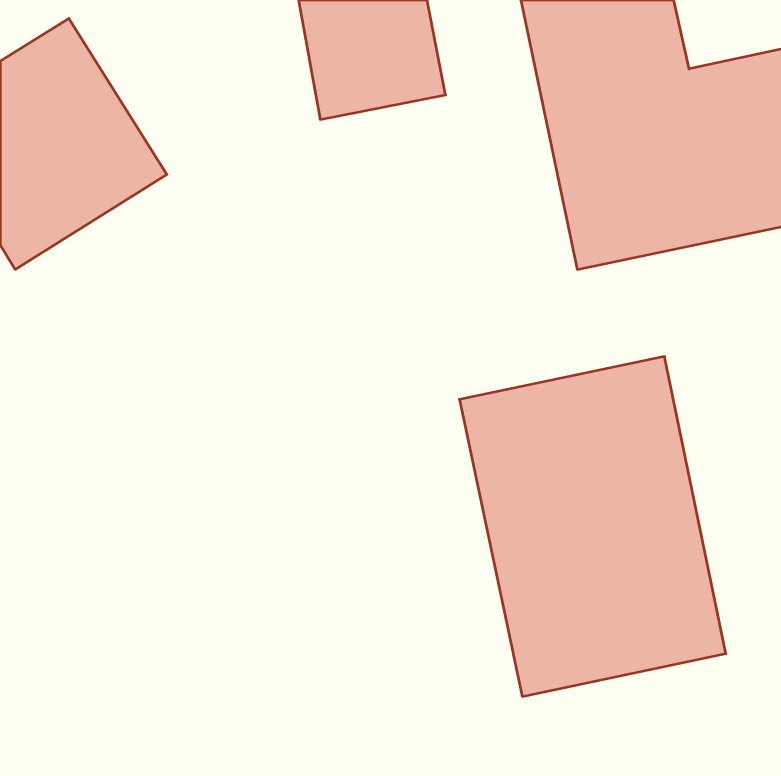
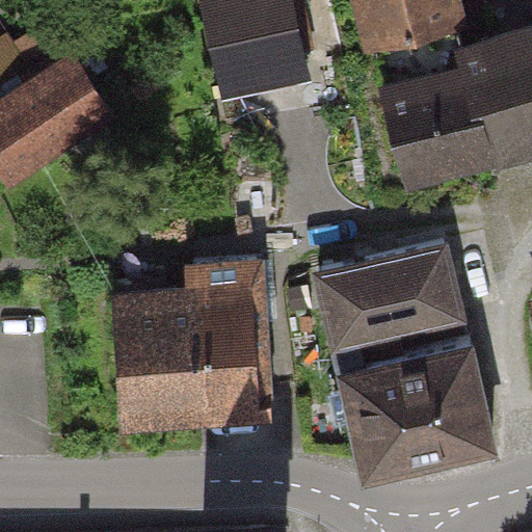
building: none -> [113,259,277,425]

